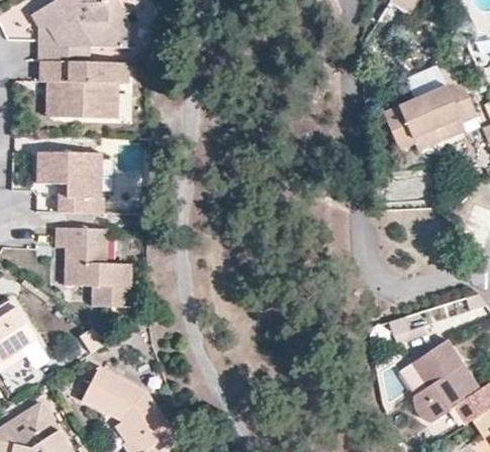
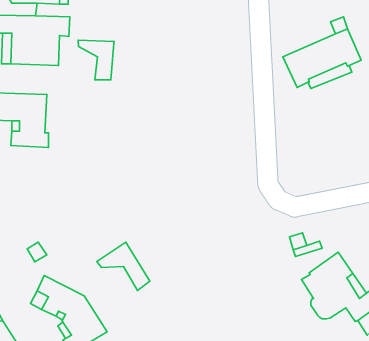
building: none -> [78,40,114,80]
building: [56,225,132,303] -> none
building: none -> [97,242,150,291]

